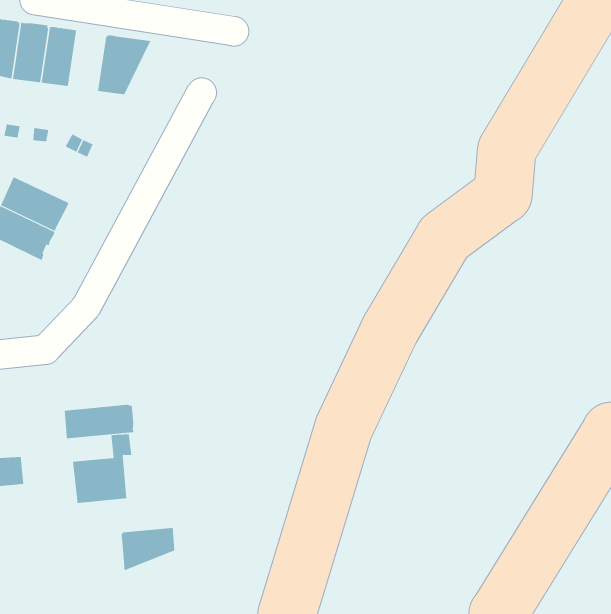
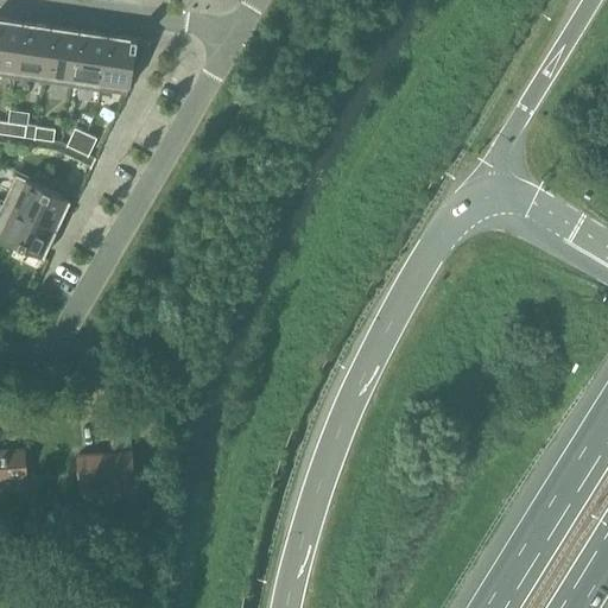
building: none -> [68,30,104,90]
building: [64,404,134,439] -> none
building: [121,527,175,571] -> none

